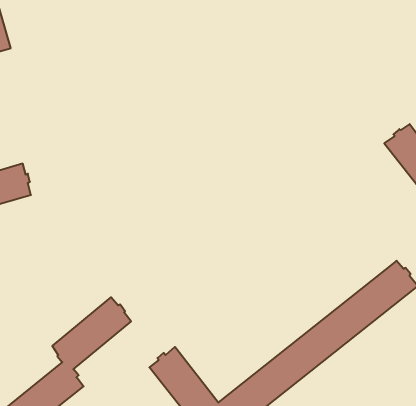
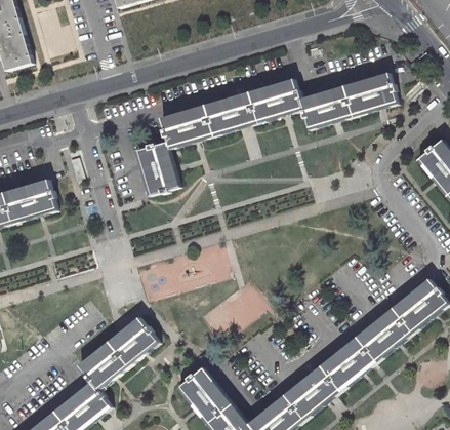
building: none -> [134,72,396,195]

